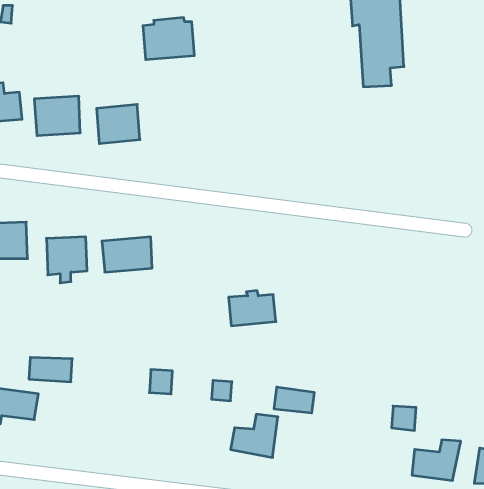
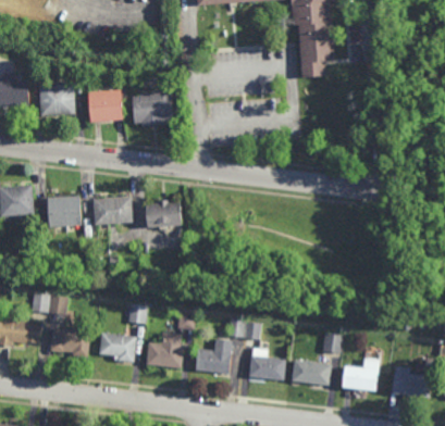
building: [143,18,194,60] -> [131,89,172,123]
building: [229,291,276,326] -> [144,199,182,227]
building: none -> [50,327,89,356]
building: none -> [147,331,184,371]
building: none -> [98,334,136,363]
building: none -> [250,349,285,381]
building: none -> [292,361,331,385]

